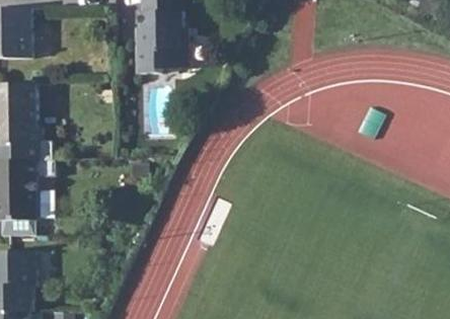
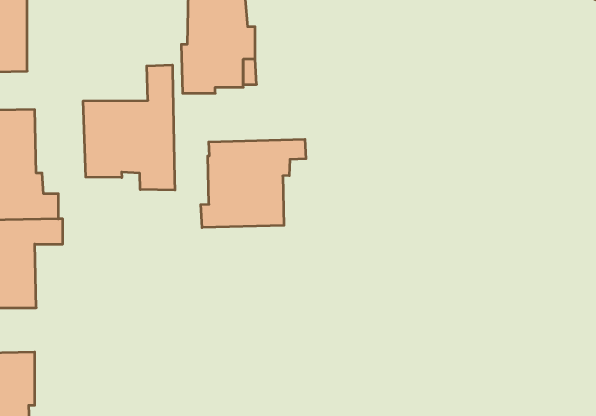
building: none -> [83,65,175,190]
building: none -> [201,139,306,228]

